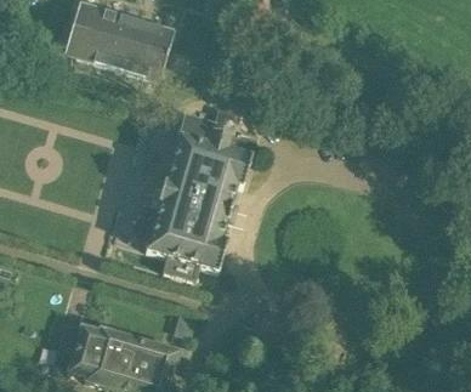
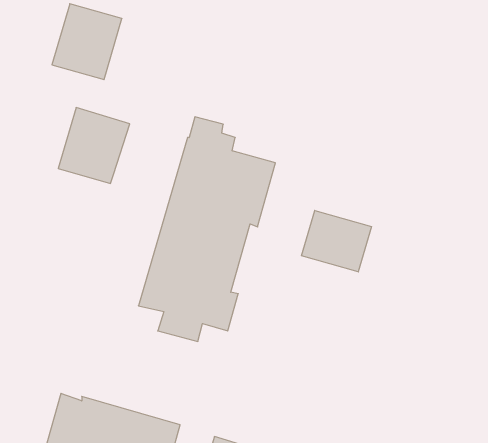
building: [113,17,171,79] -> [58,108,130,183]
building: none -> [301,210,372,272]

